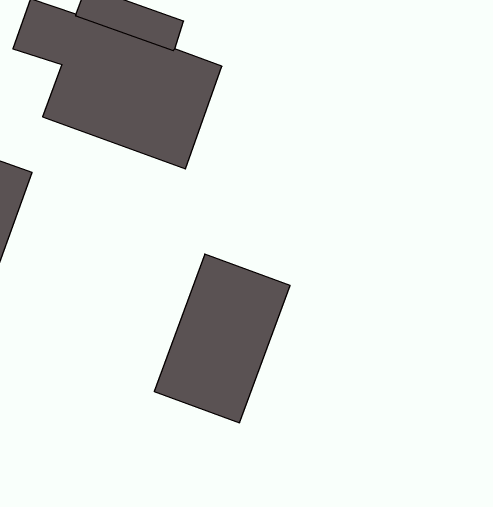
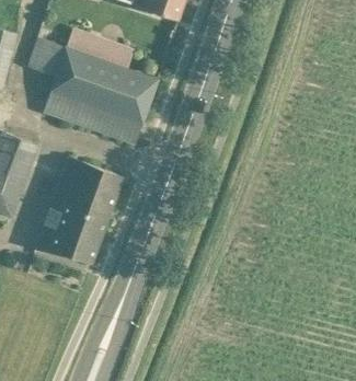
building: [154,254,290,423] -> [36,157,122,263]

